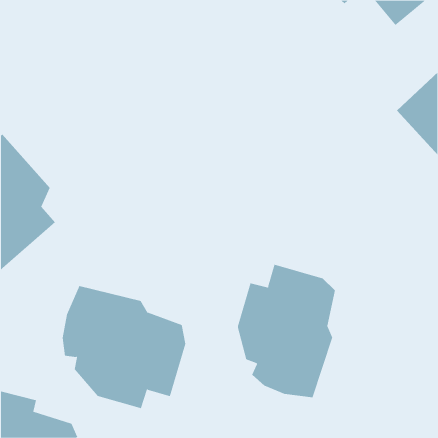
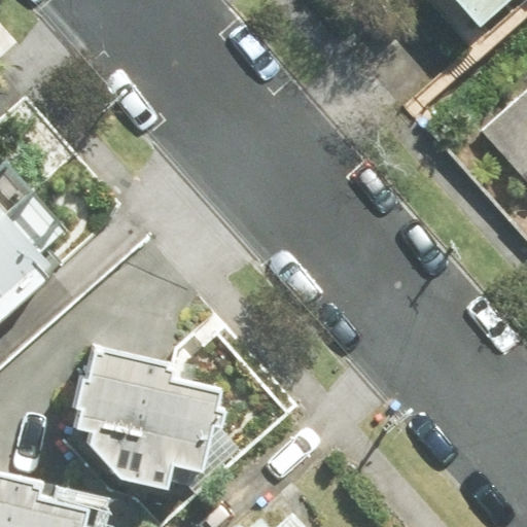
building: [237,264,335,398] -> none

